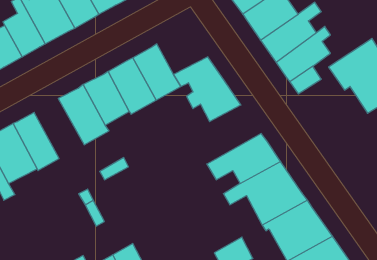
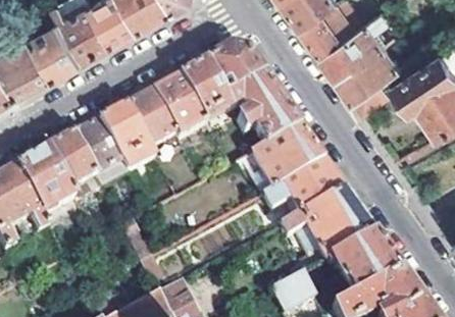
building: none -> [202,49,258,95]
building: none -> [66,121,121,188]
building: none -> [248,128,317,189]

